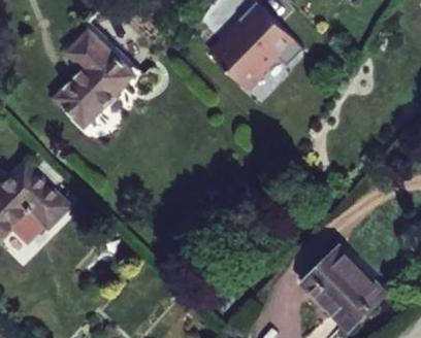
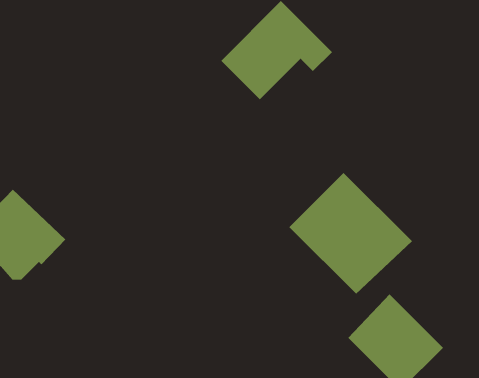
building: [59,26,139,122] -> none
building: none -> [289,172,413,295]

